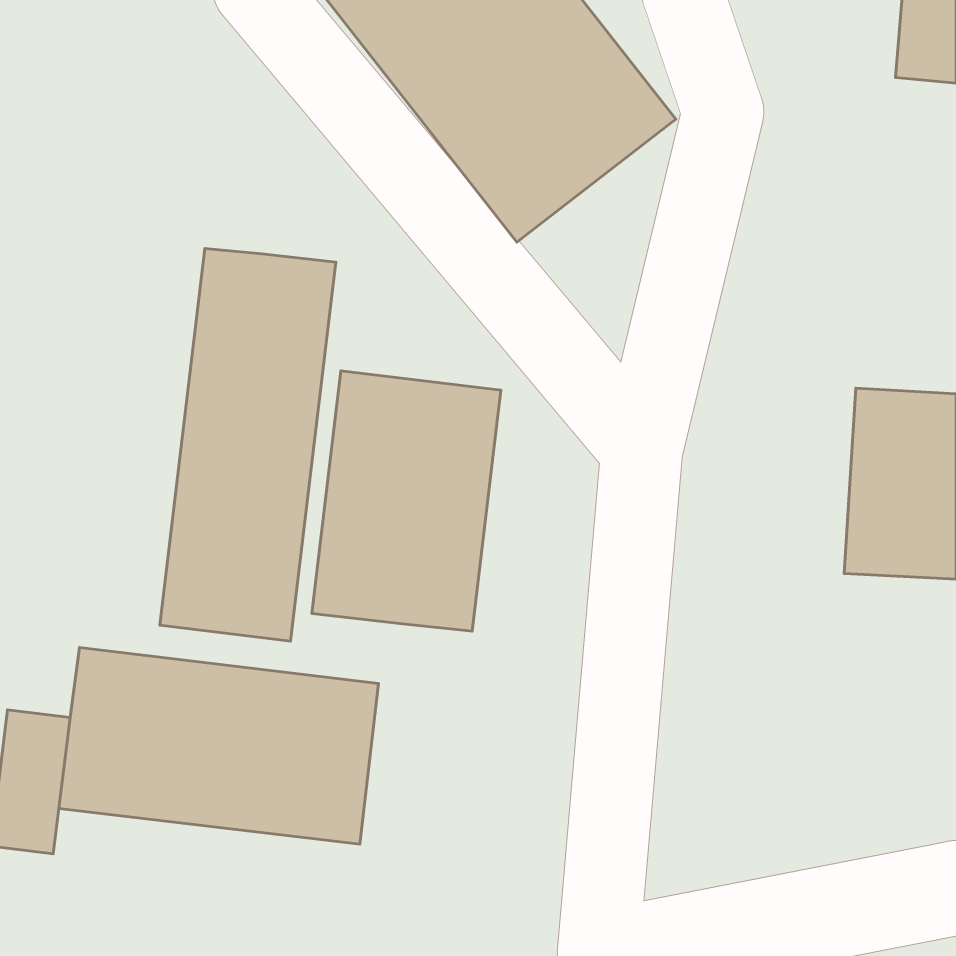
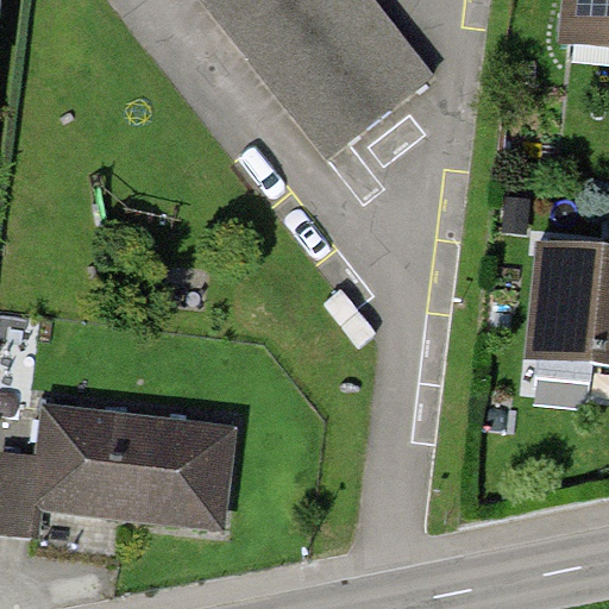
building: [160,249,336,641] -> none
building: [312,371,501,631] -> none

